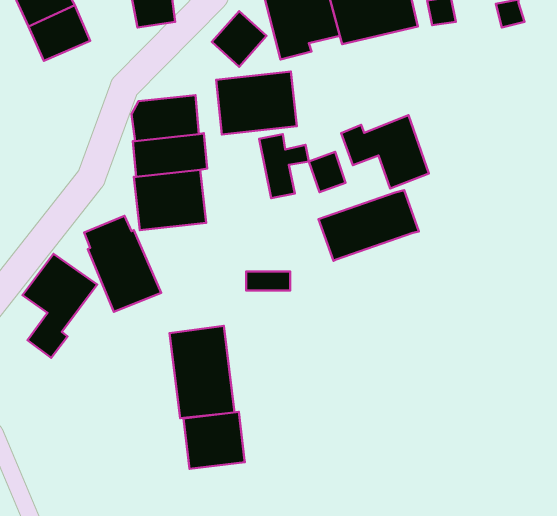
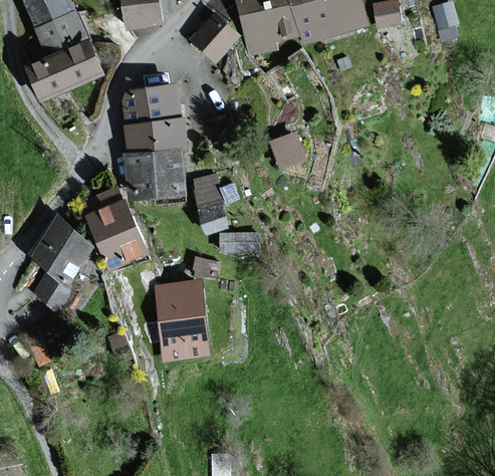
building: none -> [26,38,102,99]
building: [216,71,297,134] -> none
building: [341,115,429,189] -> none
building: [259,134,309,198] -> [195,176,237,230]
building: [319,190,419,261] -> none
building: [183,412,245,469] -> none

